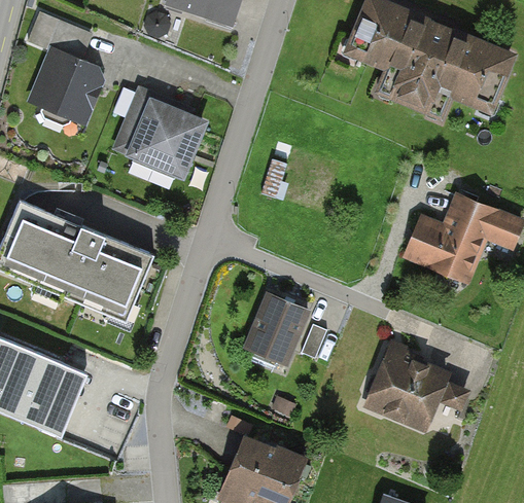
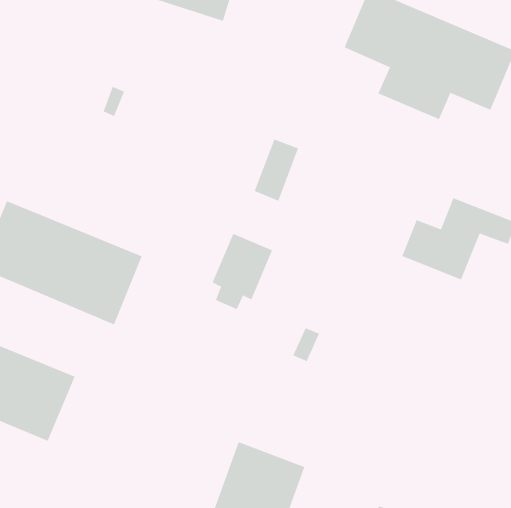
building: [27,12,99,120] -> none
building: [116,92,201,173] -> none
building: [246,294,306,369] -> [212,233,273,310]
building: [366,348,465,427] -> none

